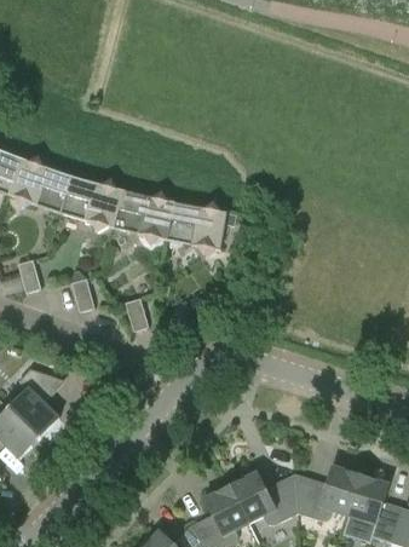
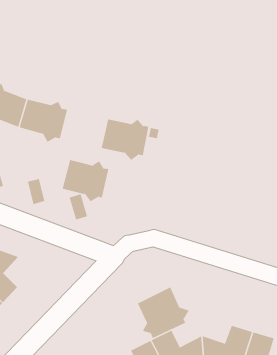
building: [114,190,174,244] -> [62,160,109,202]
building: none -> [137,287,189,339]

